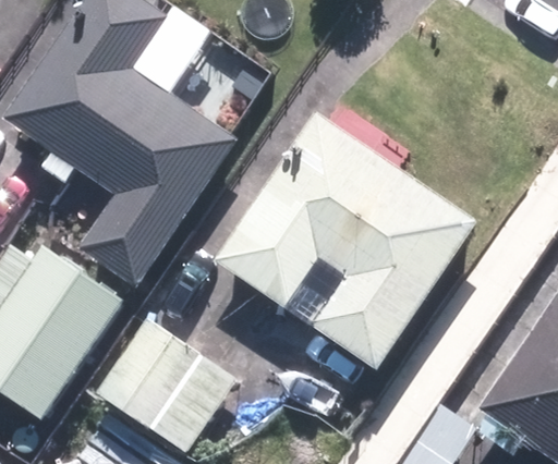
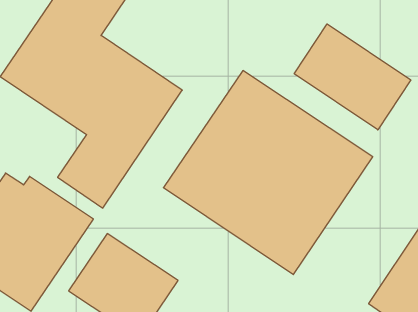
building: none -> [294,24,411,130]

